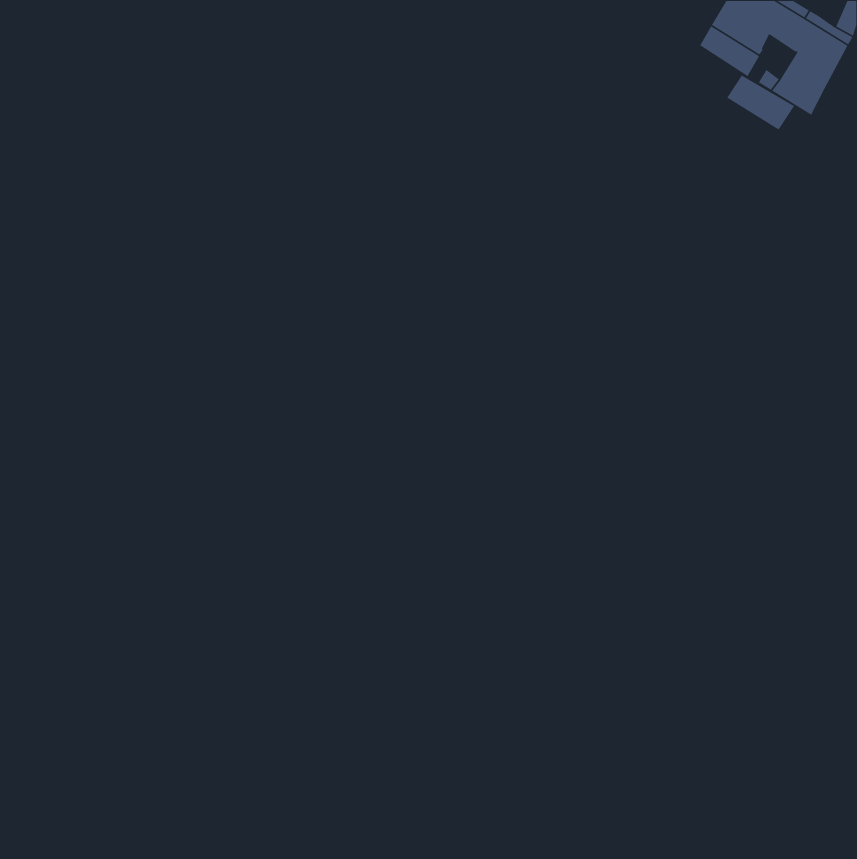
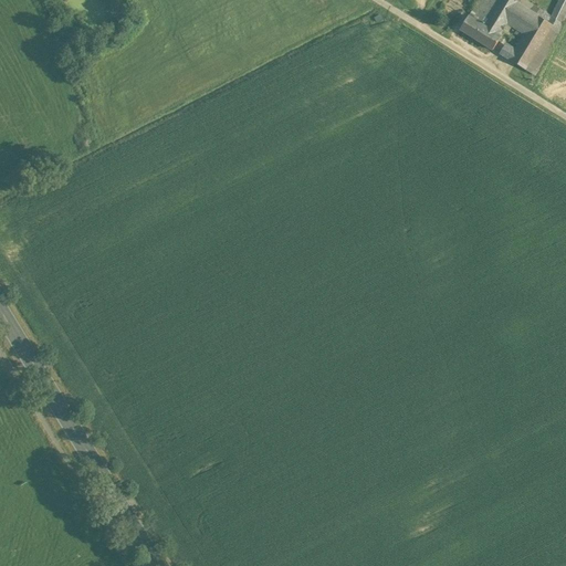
building: [726,74,795,130] -> none

